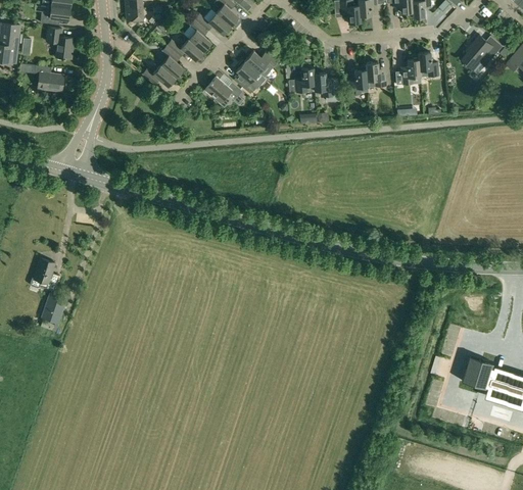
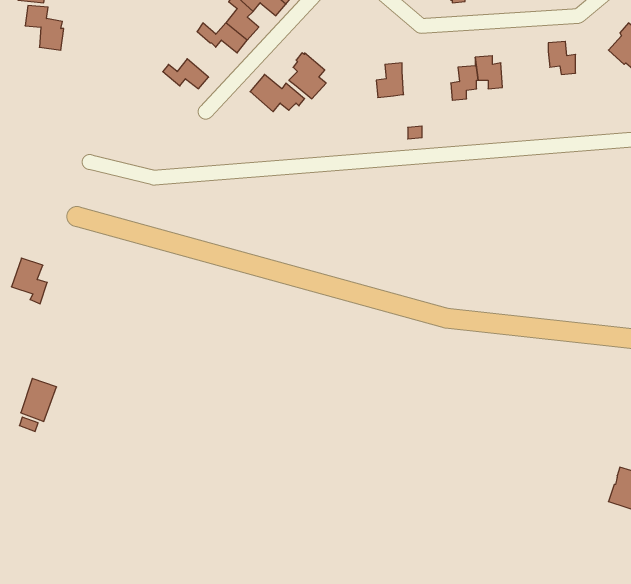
building: [160,46,184,79] -> none
building: [244,51,277,73] -> none
building: [395,60,420,85] -> none
building: [34,65,62,92] -> none
building: [314,73,339,102] -> none
building: [33,258,58,291] -> [11,258,47,304]

